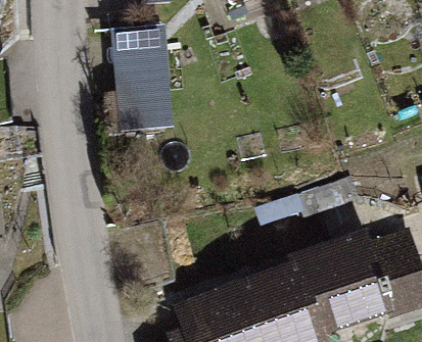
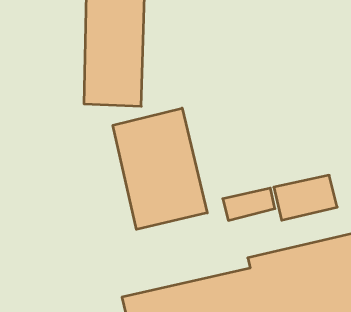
building: none -> [113,108,207,229]

